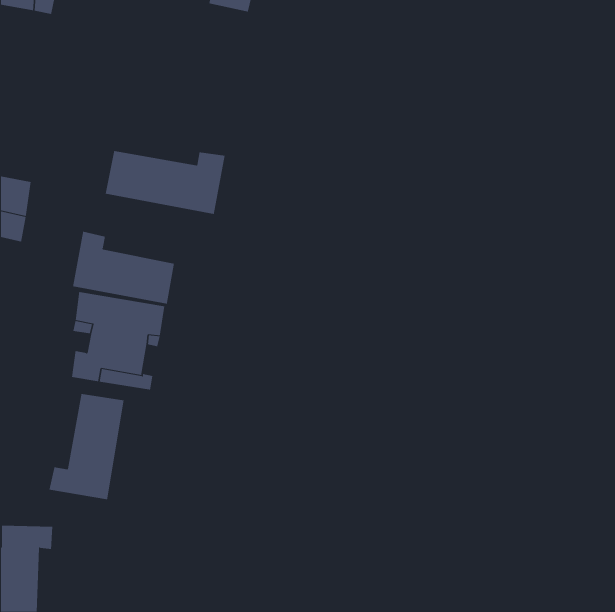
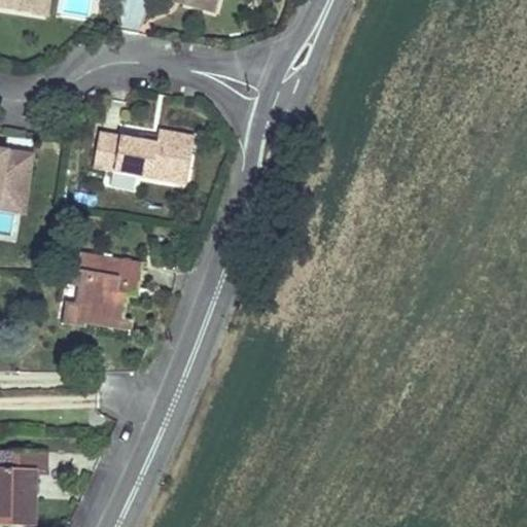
building: [72,231,175,304] -> none
building: [49,393,124,500] -> none

